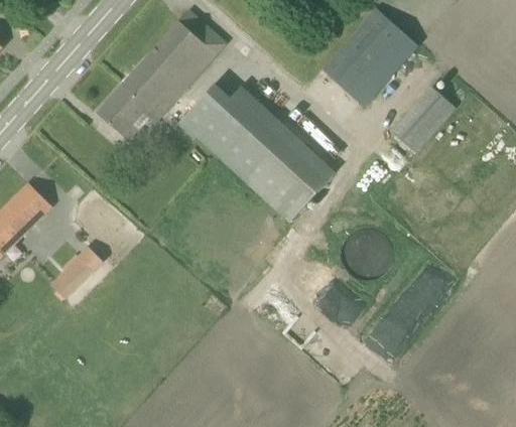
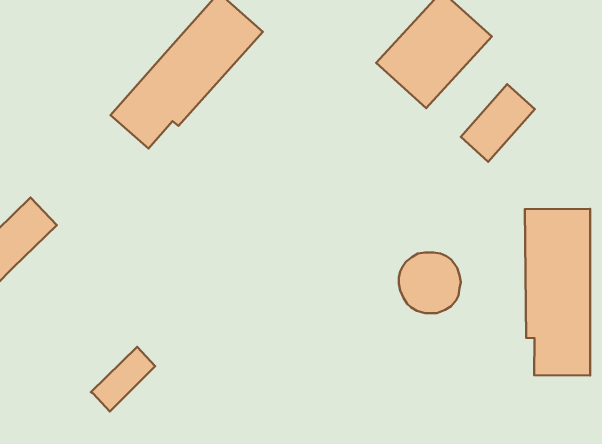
building: [176,83,335,223] -> none
building: none -> [525,209,590,375]
building: [48,245,103,299] -> [91,347,155,411]

